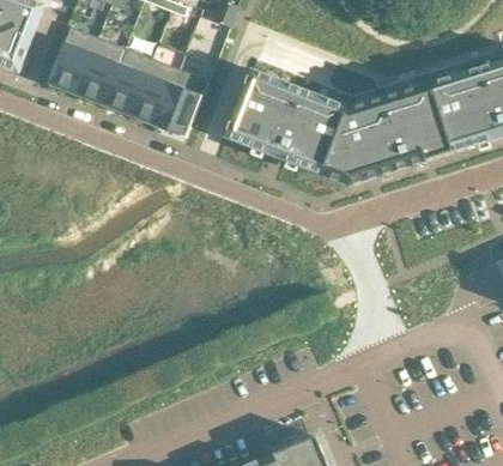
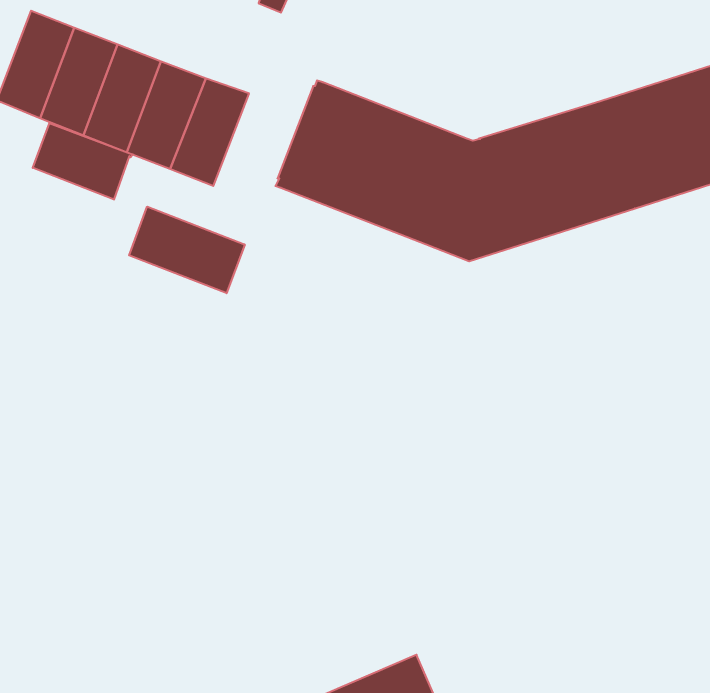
building: none -> [33,123,133,200]
building: none -> [129,207,245,293]

